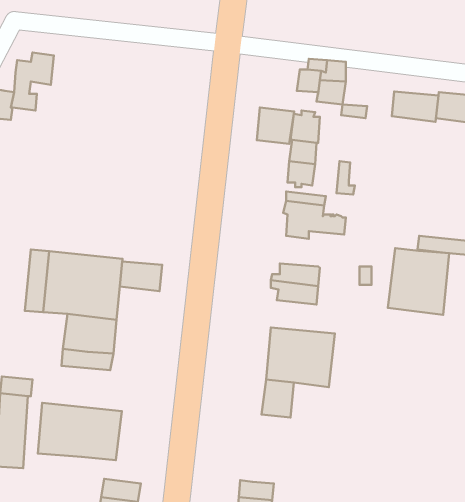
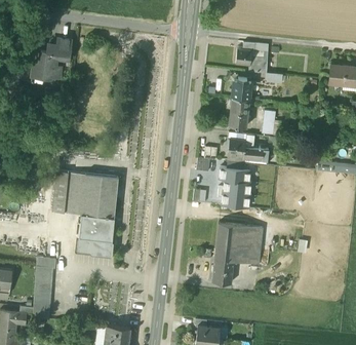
building: [392,92,438,122] -> none
building: [257,107,294,144] -> none
building: none -> [220,162,250,183]
building: [388,248,449,315] -> none
building: [120,261,162,291] -> none
building: [38,403,122,460] -> none

